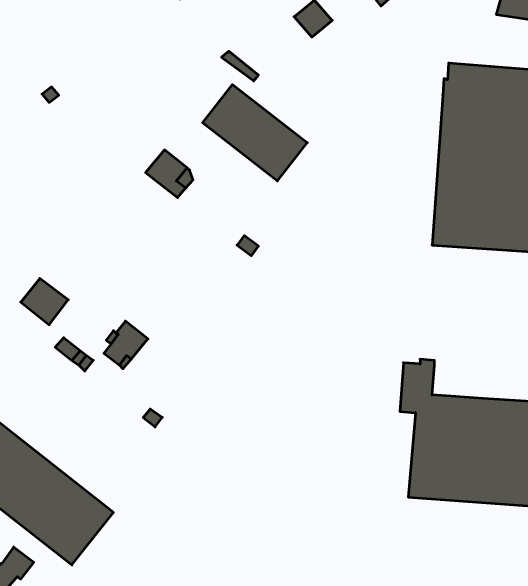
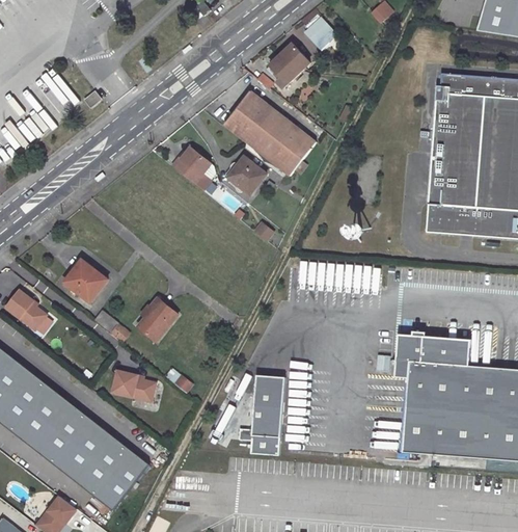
building: none -> [270,44,309,87]
building: none -> [227,155,266,194]
building: none -> [425,336,471,365]
building: none -> [112,370,156,400]
building: none -> [239,375,285,455]

